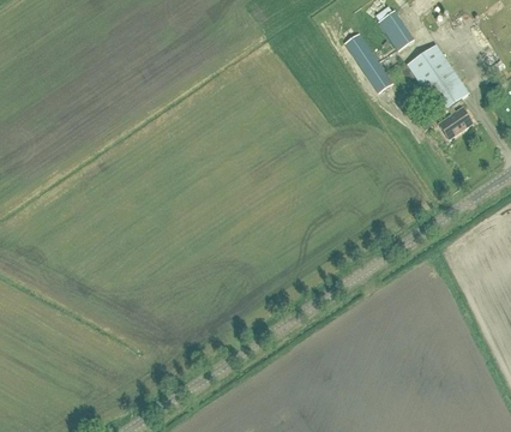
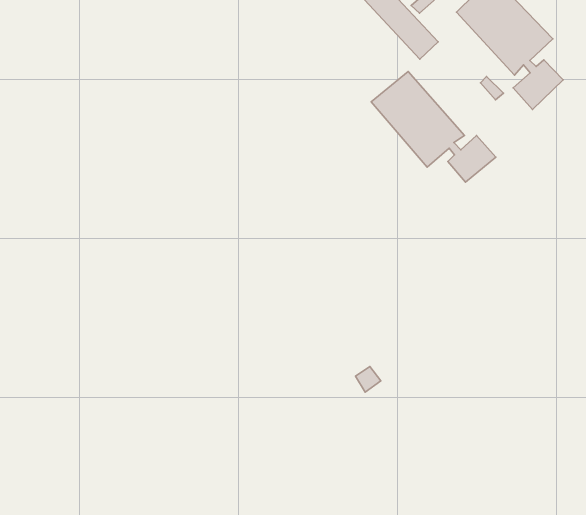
building: none -> [371,72,496,182]

